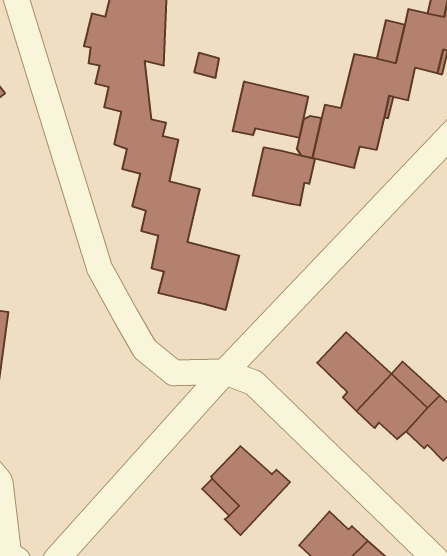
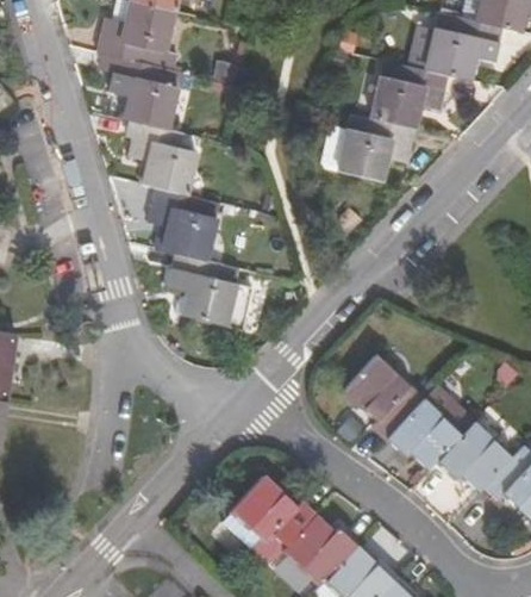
building: [233,81,308,138] -> none
building: [253,147,315,206] -> none
building: none -> [281,514,356,585]

